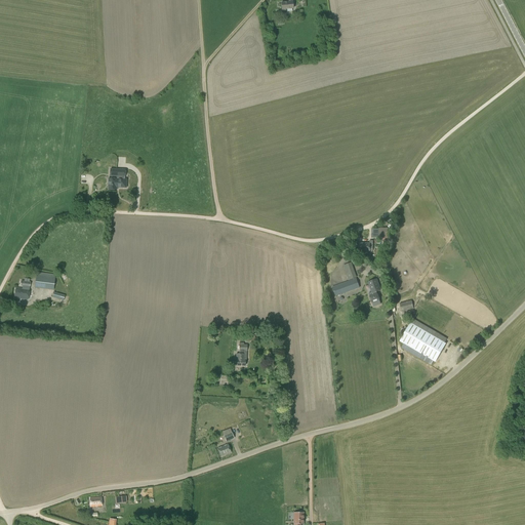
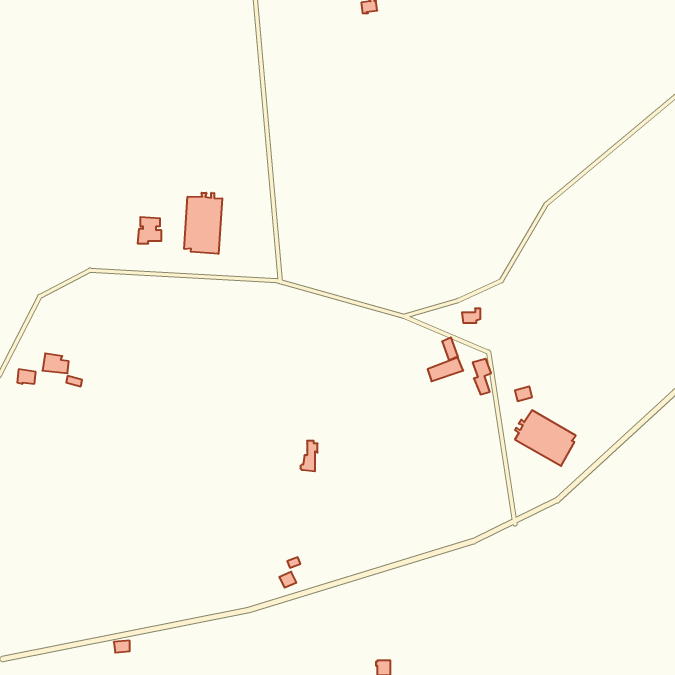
building: none -> [184,193,222,254]

